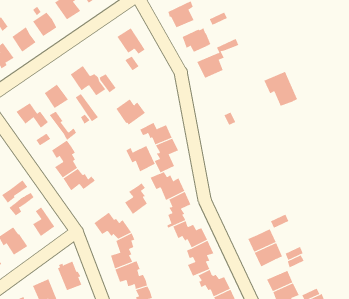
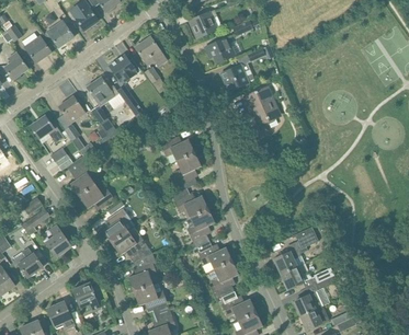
building: [264,71,298,107] -> [243,86,280,124]
building: [116,98,146,125] -> [109,55,140,83]
building: [126,145,155,172] -> none
building: [124,183,148,215] -> [102,209,127,243]

